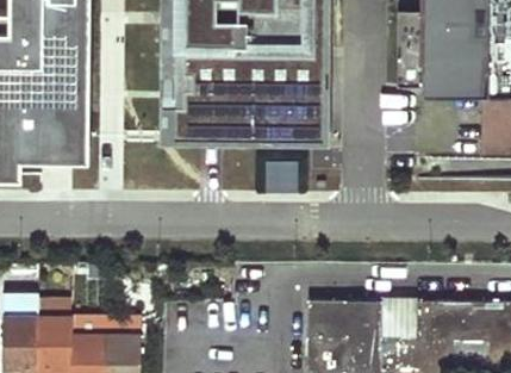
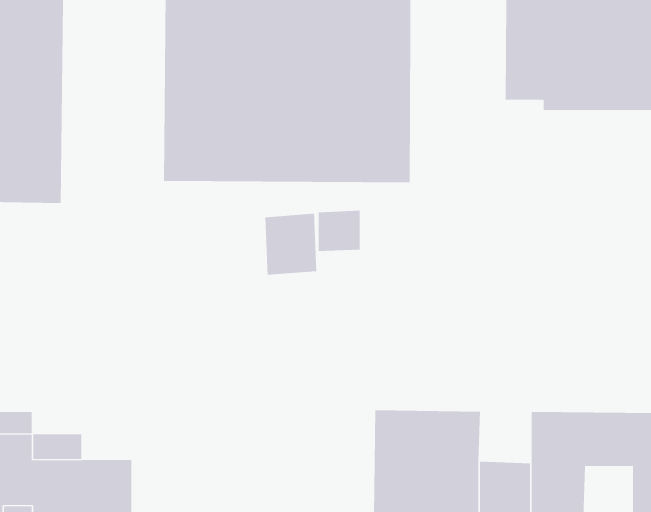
building: none -> [265,213,317,276]

